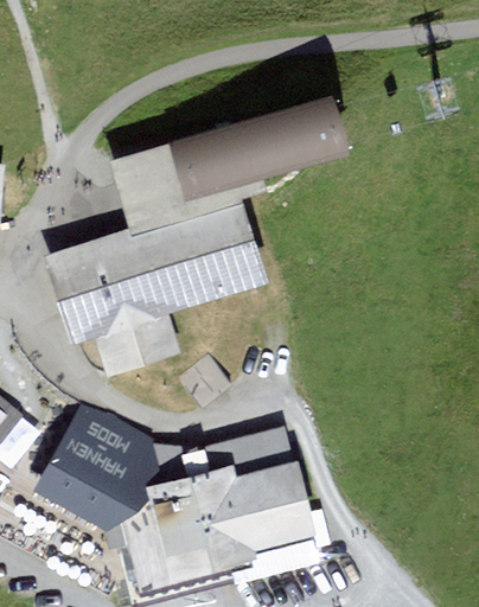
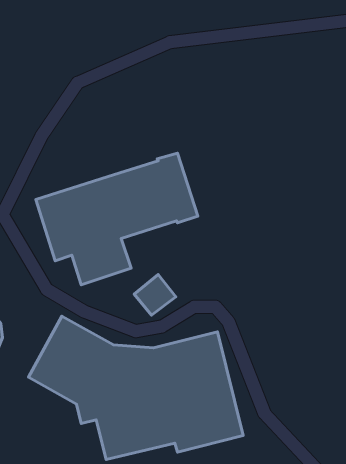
building: [122,95,345,229] -> none

